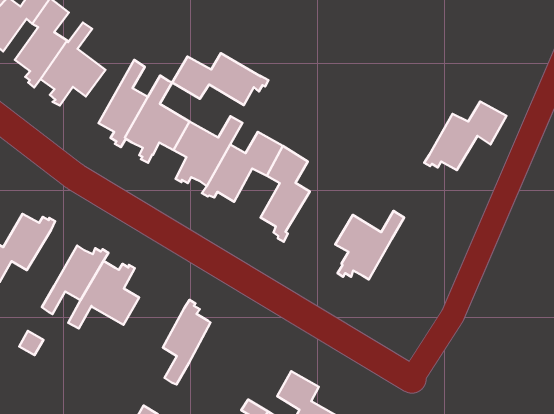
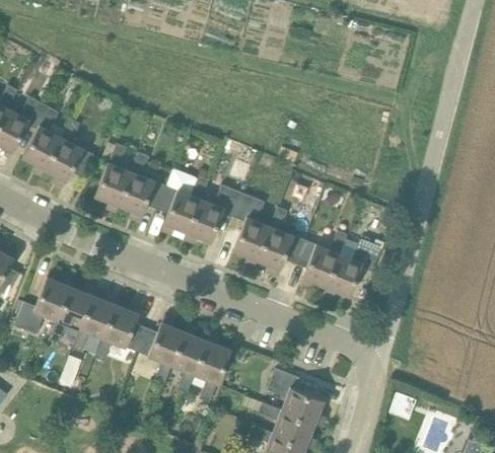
building: [172,53,269,105] -> none
building: [424,101,507,170] -> [323,240,381,297]
building: none -> [255,207,305,277]
building: none -> [49,287,96,344]
building: none -> [139,316,185,384]
building: none -> [195,333,231,403]

